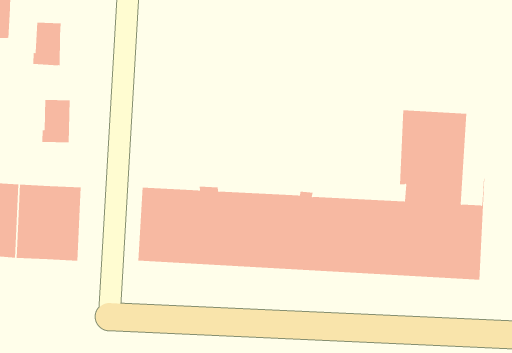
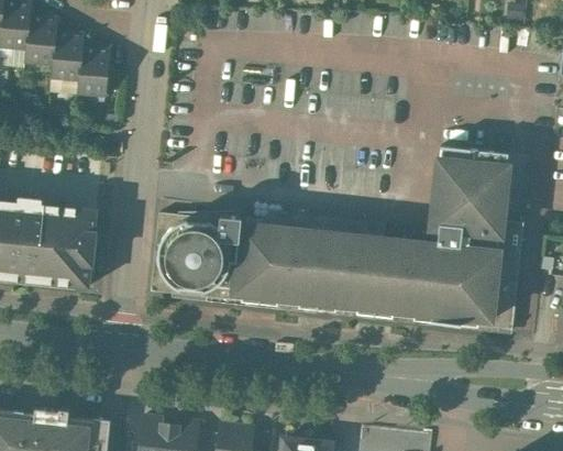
building: none -> [25,15,58,64]
building: [41,100,70,143] -> [77,47,110,95]

